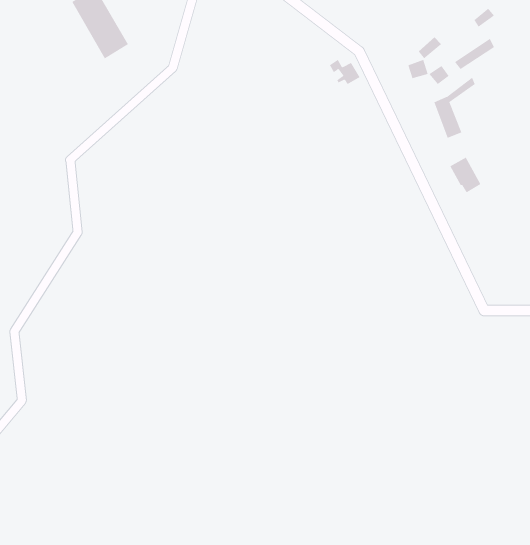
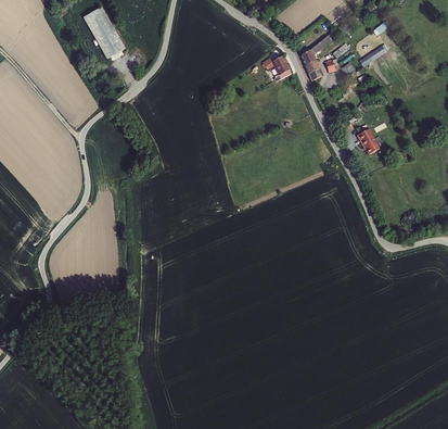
building: [433,77,476,138] -> [300,35,331,79]

